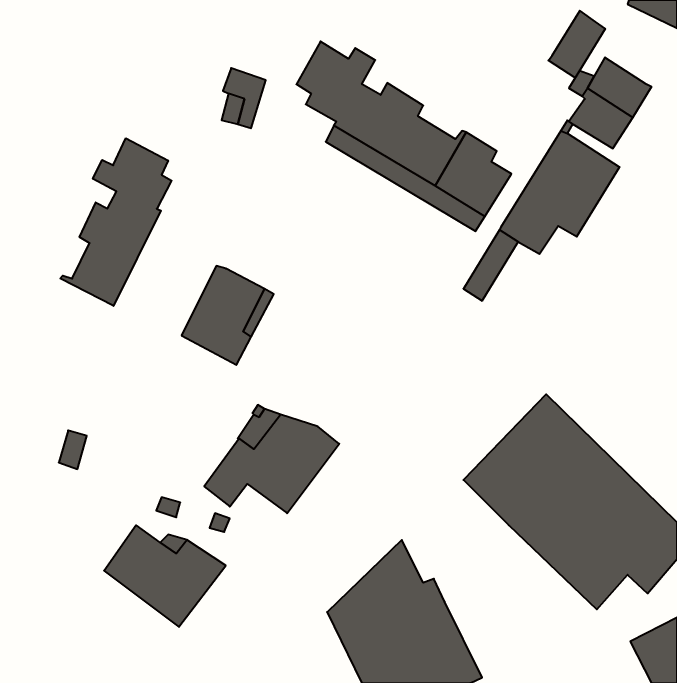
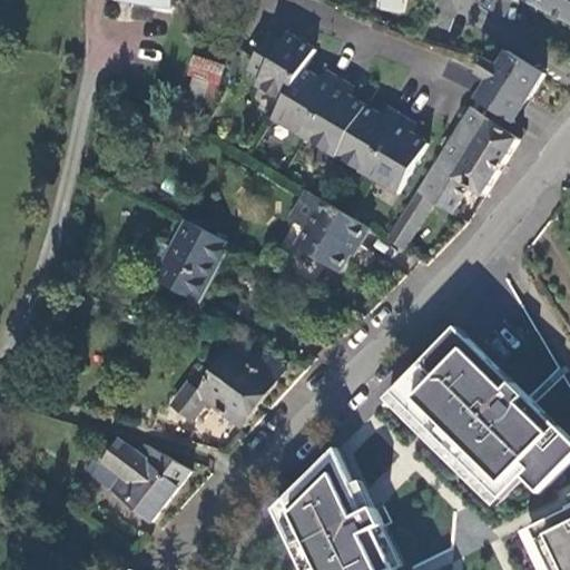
building: [548,11,605,78] -> none
building: [60,138,172,306] -> none
building: none -> [291,198,370,273]

